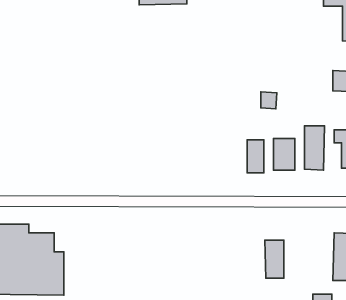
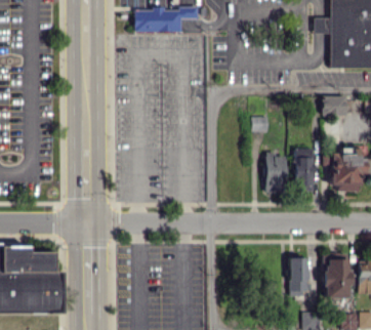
building: [247,140,264,173] -> none
building: [265,240,284,278] -> [290,257,308,294]

